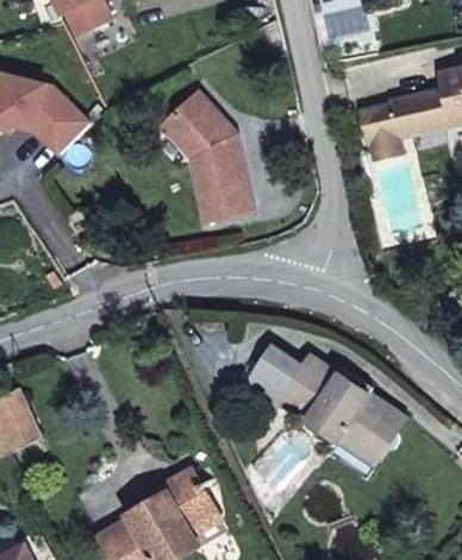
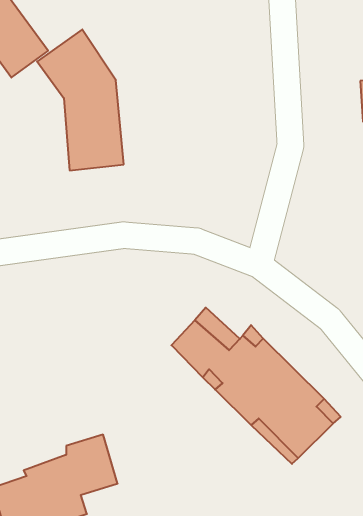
building: [156,83,250,214] -> [37,29,124,170]

